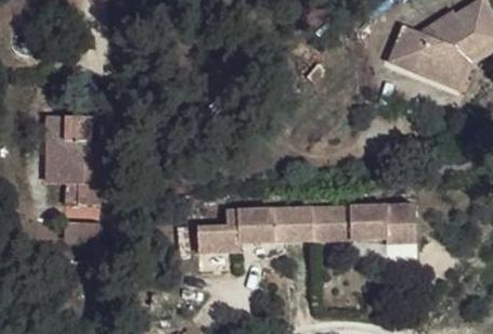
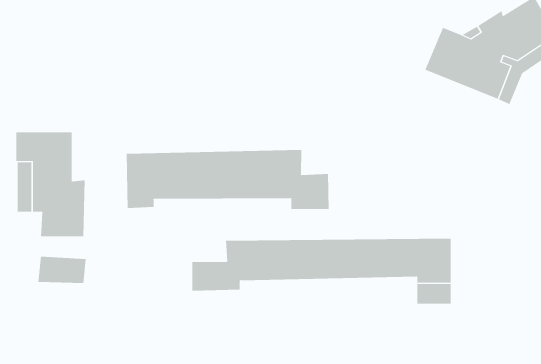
building: none -> [126,149,329,210]

